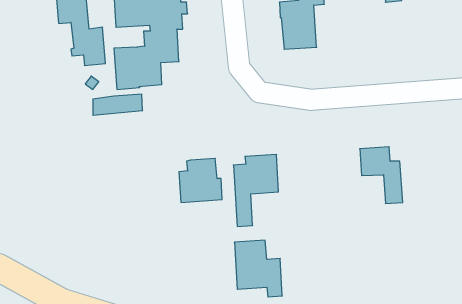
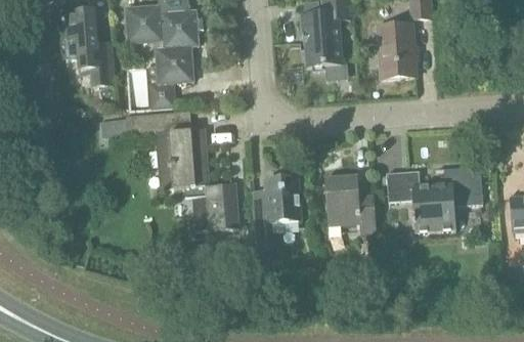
building: none -> [376,24,416,78]
building: none -> [157,128,206,188]
building: none -> [430,165,484,229]
building: [234,240,282,297] -> [324,174,376,234]

